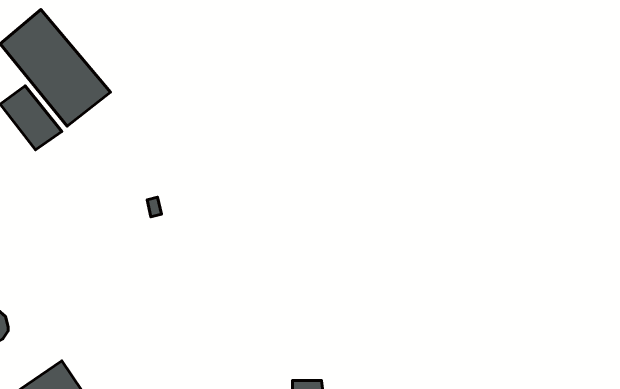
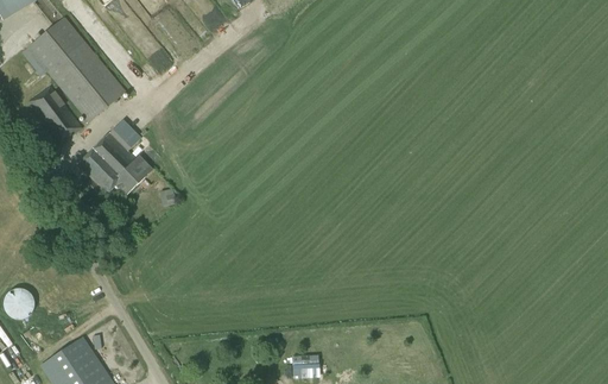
building: none -> [76,127,152,203]

